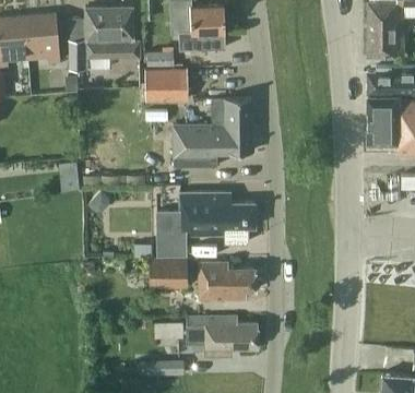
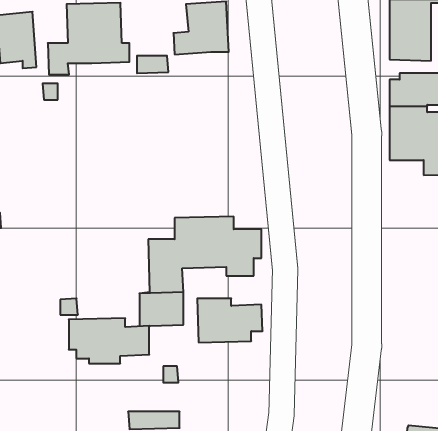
building: [143,69,187,102] -> none
building: [173,97,253,167] -> none
building: [187,315,257,355] -> [69,318,149,363]

